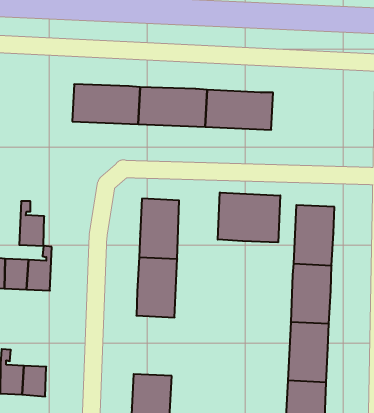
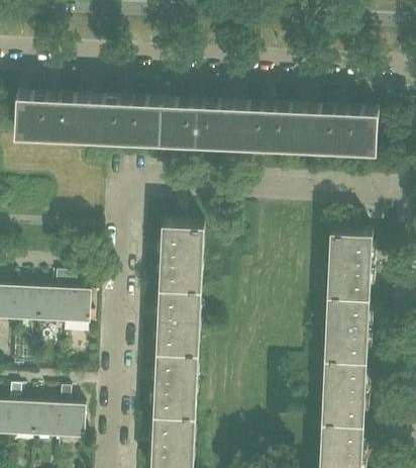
building: none -> [14,96,89,139]
building: none -> [303,108,377,153]
building: [218,192,280,242] -> none
building: [19,201,44,246] -> [63,276,90,324]
building: none -> [153,351,198,416]
building: none -> [58,390,85,440]

